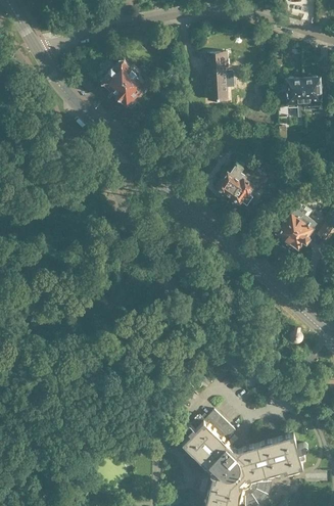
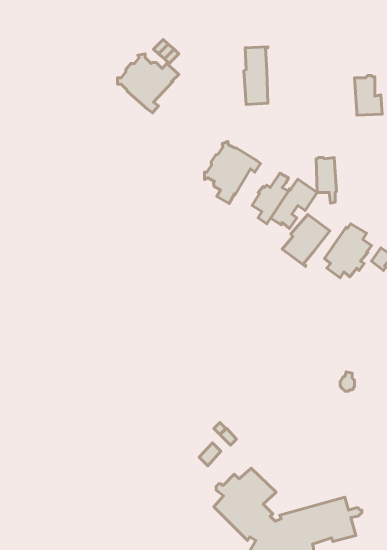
building: [287,79,304,118] -> [316,157,336,203]
building: none -> [204,141,260,204]
building: none -> [282,214,330,266]

